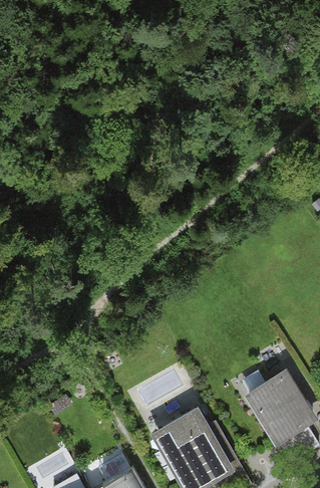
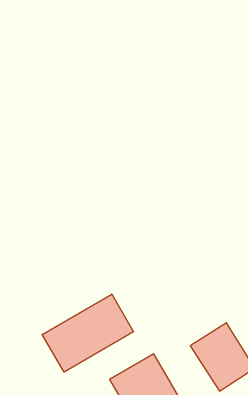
building: none -> [42,294,134,372]

